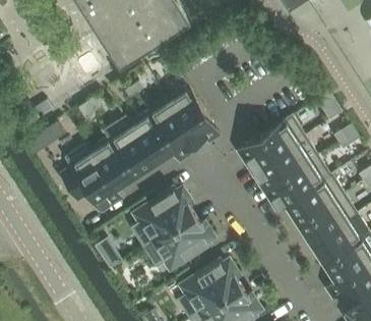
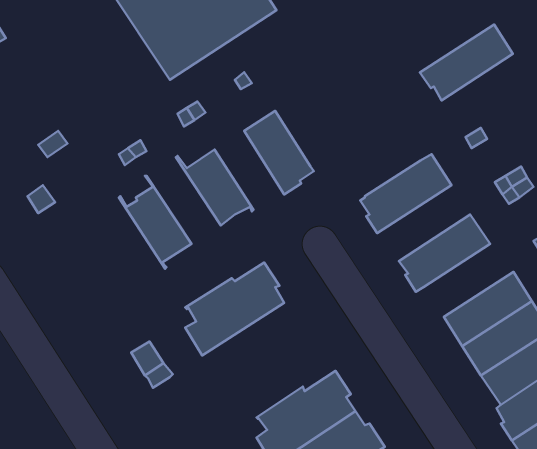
building: [149,101,195,153] -> none
building: [105,118,153,175] -> none
building: [256,137,317,186] -> [420,25,513,100]
building: [62,145,117,206] -> none
building: [287,174,346,223] -> none
building: [141,214,214,272] -> none

